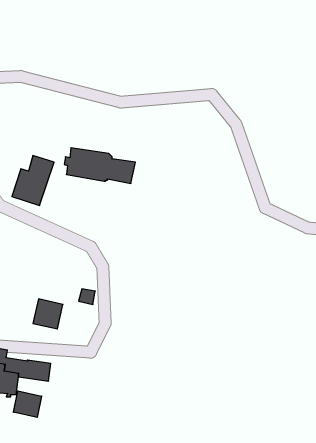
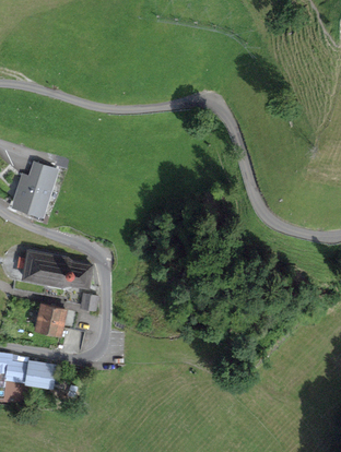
building: [64,148,135,183] -> [22,250,92,285]
building: [13,391,42,417] -> none

